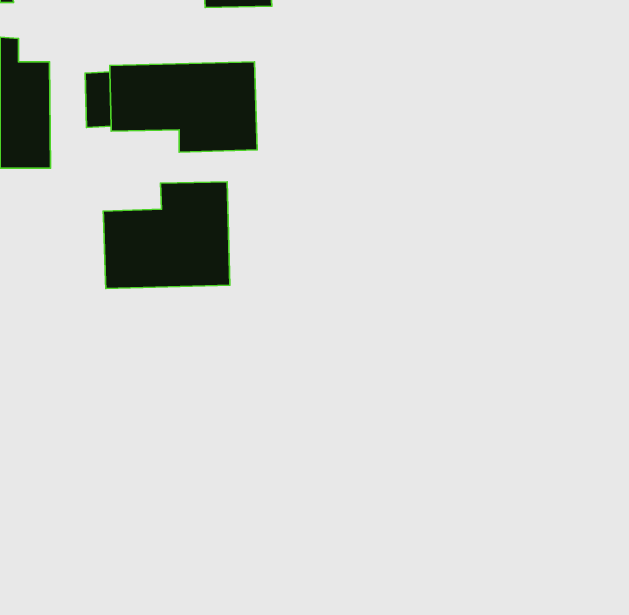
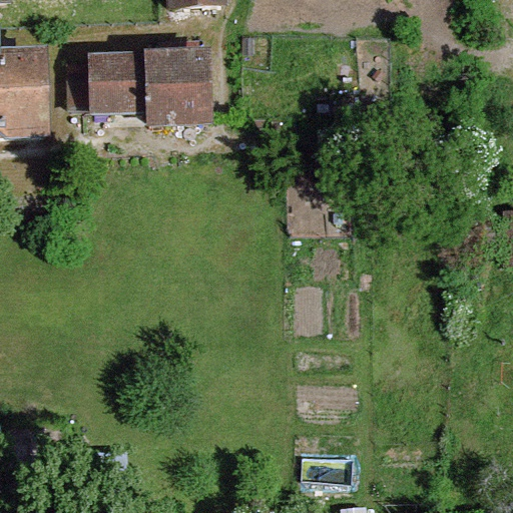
building: [103,182,230,288] -> none

